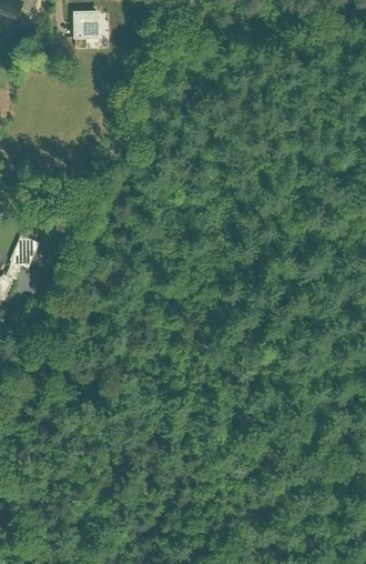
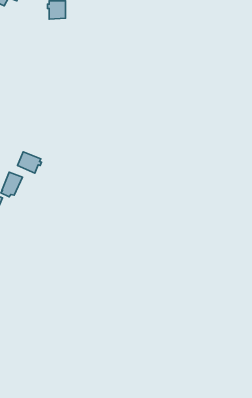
building: none -> [17,152,41,173]

